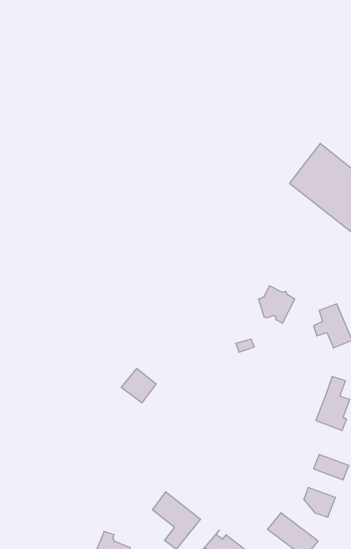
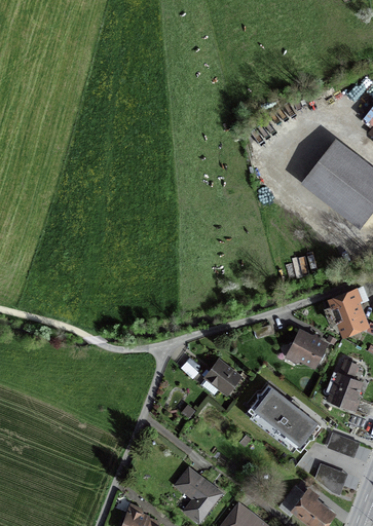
building: [258,286,295,323] -> [291,332,325,367]
building: [121,369,156,403] -> [207,362,239,393]
building: none -> [251,385,321,448]

